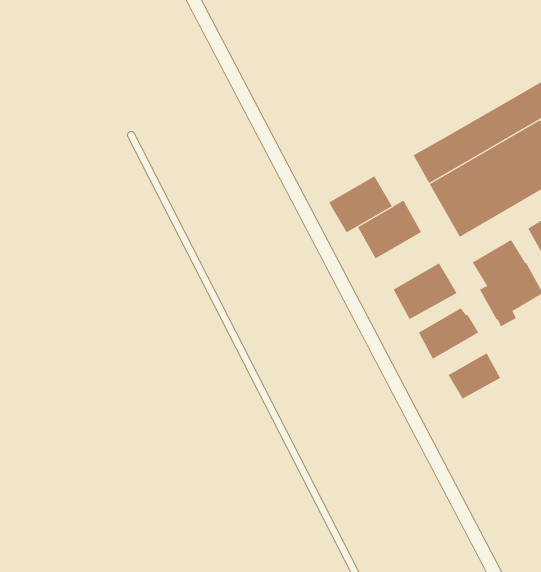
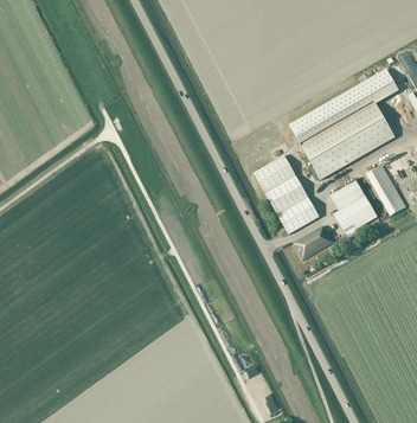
building: [328,176,393,233] -> [265,175,308,213]
building: [448,352,501,399] -> none

